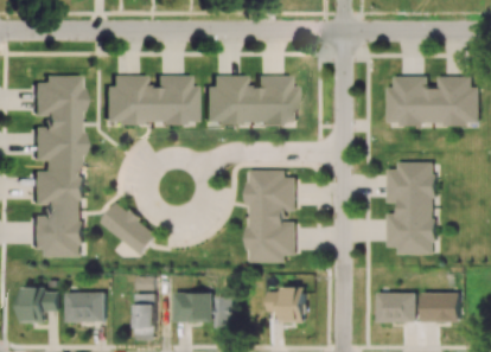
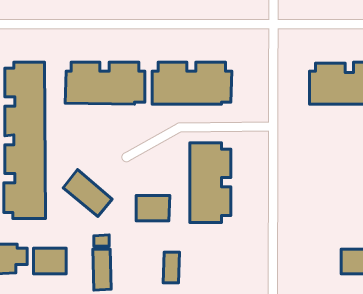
building: [388,161,436,254] -> none
building: [269,287,307,321] -> none
building: [176,292,215,321] -> [136,195,170,221]
building: [378,292,417,322] -> none

